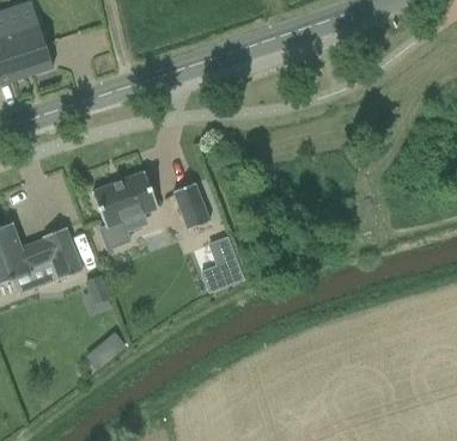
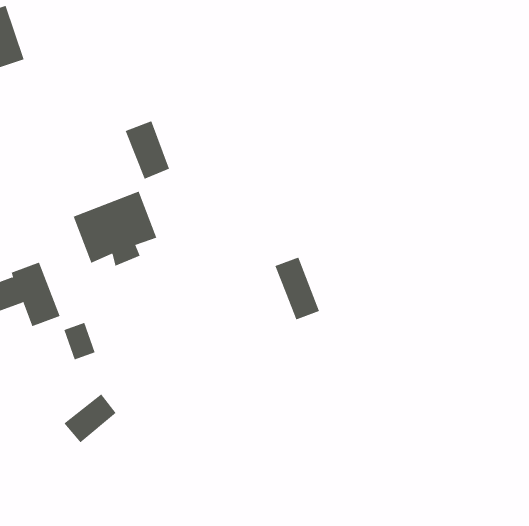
building: [172,183,208,229] -> [125,120,170,179]
building: [207,237,243,287] -> [275,257,320,320]

